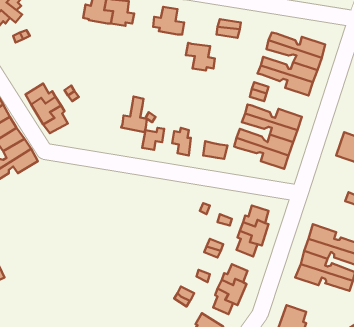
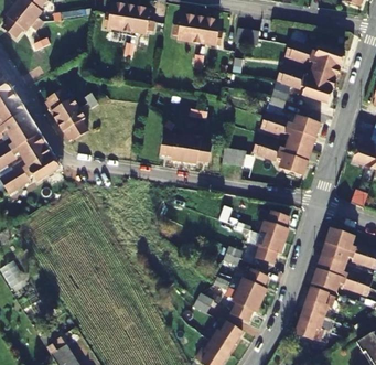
building: [186,43,215,71] -> [194,18,223,45]
building: [121,97,147,132] -> [172,130,197,165]
building: none -> [304,290,335,319]

